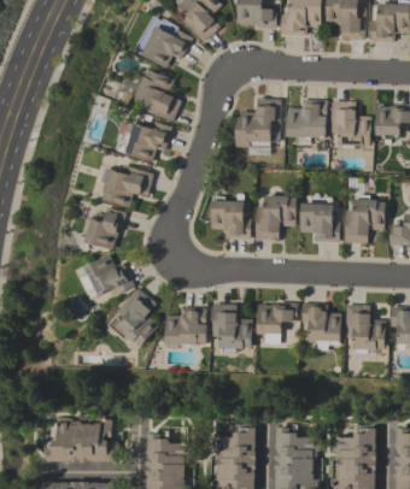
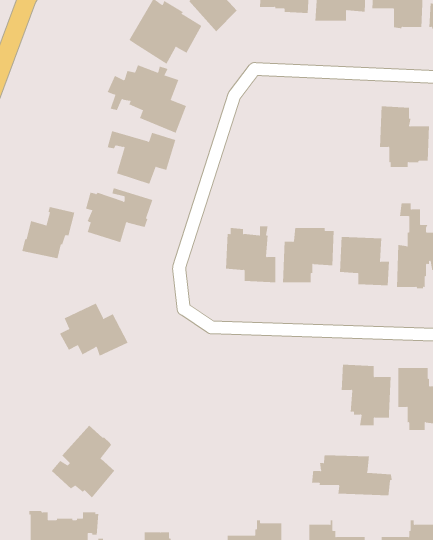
building: [234,98,280,155] -> none
building: [286,99,327,143] -> none
building: [83,207,125,248] -> [21,207,75,259]
building: [107,288,158,346] -> [51,425,115,499]
building: [256,301,297,334] -> none
building: [211,304,251,352] -> none
building: [164,307,205,347] -> none
building: none -> [311,454,392,496]

